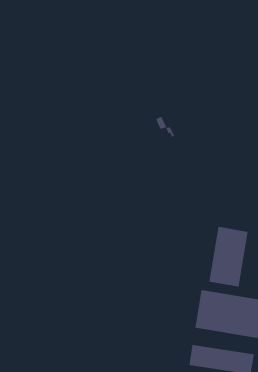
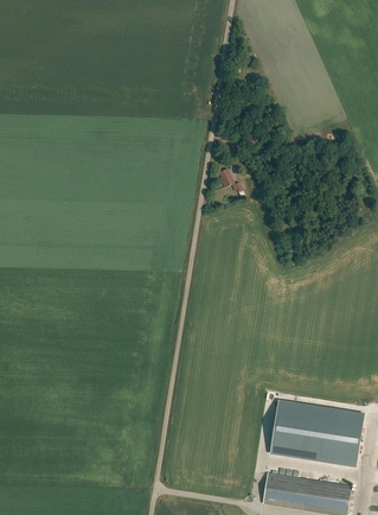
building: [208,226,248,288] -> none

